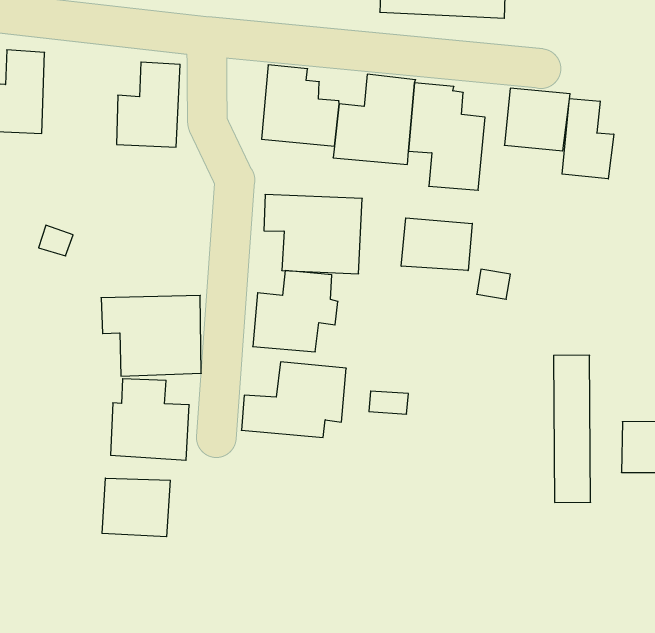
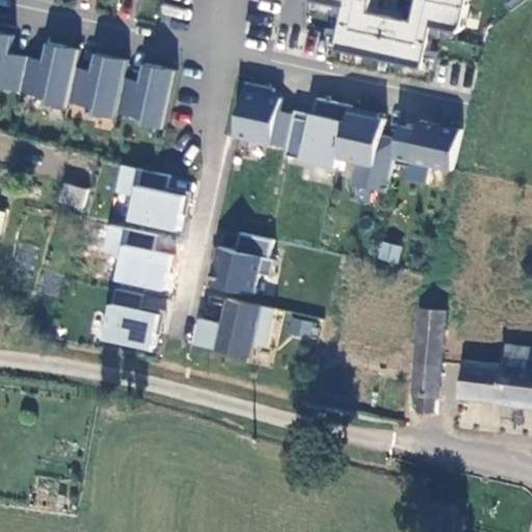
building: none -> [80,52,133,115]
building: [562,98,614,179] -> none
building: [264,195,362,274] -> [112,170,186,236]
building: [401,218,472,271] -> none
building: [102,478,170,537] -> none

